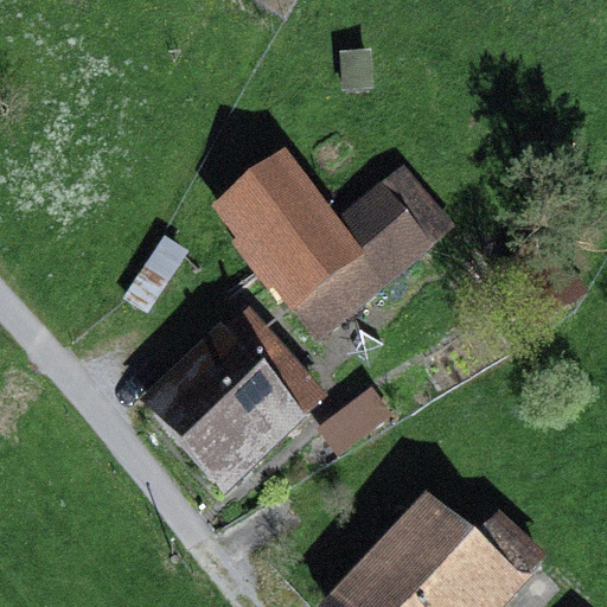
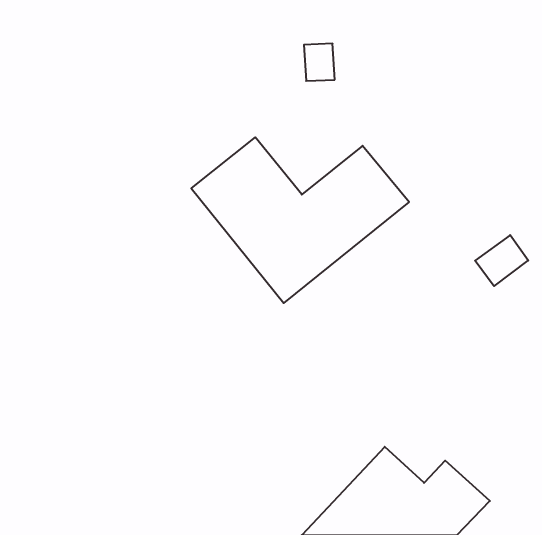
building: [138,309,328,498] -> none

